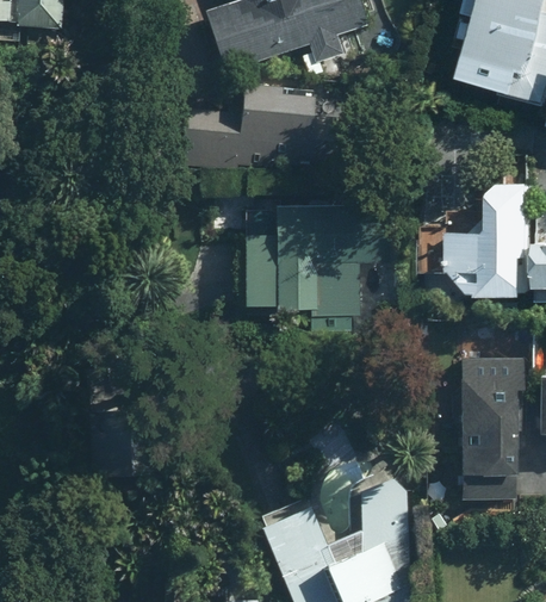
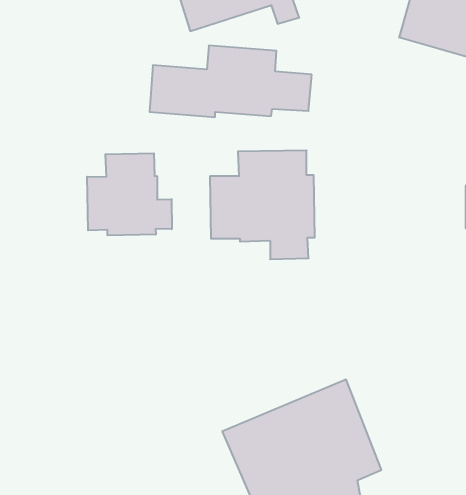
building: [453,186,532,298] -> none
building: none -> [87,153,172,235]
building: [459,359,519,497] -> none

